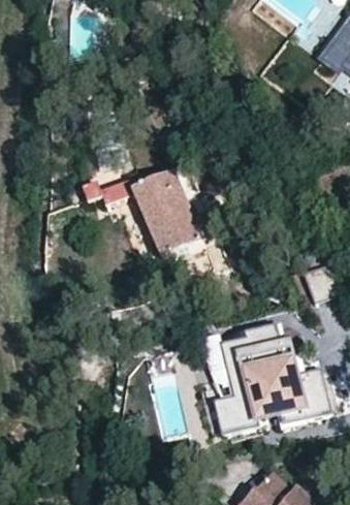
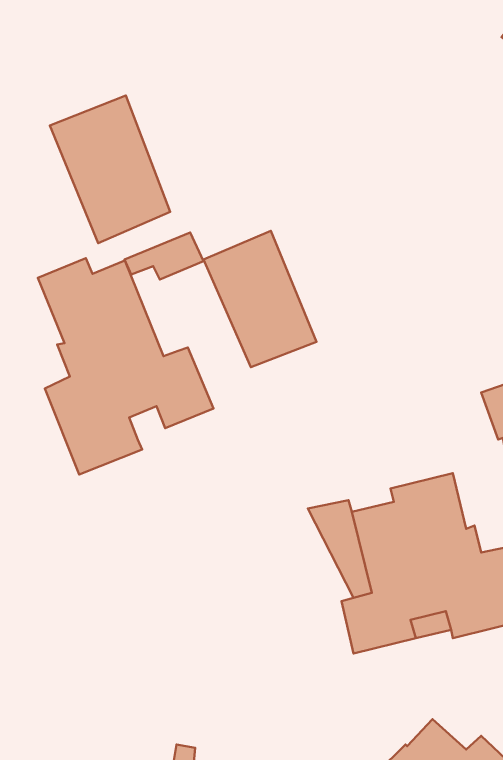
building: none -> [50,95,170,243]
building: none -> [38,258,213,474]

